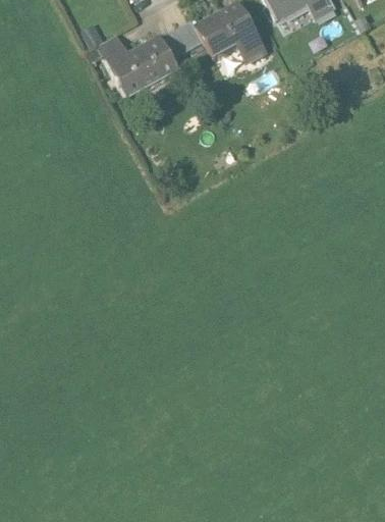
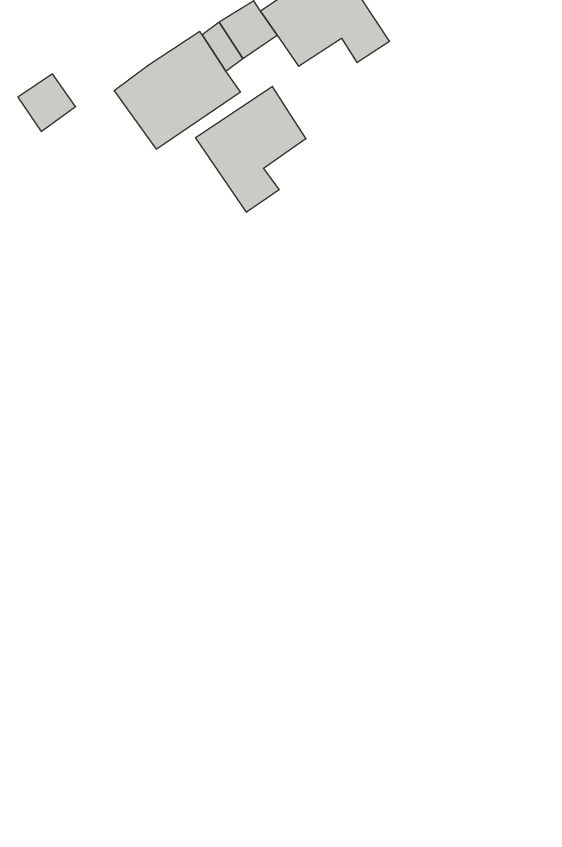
building: [98,33,129,64] -> [18,74,76,132]
building: none -> [196,86,306,212]

